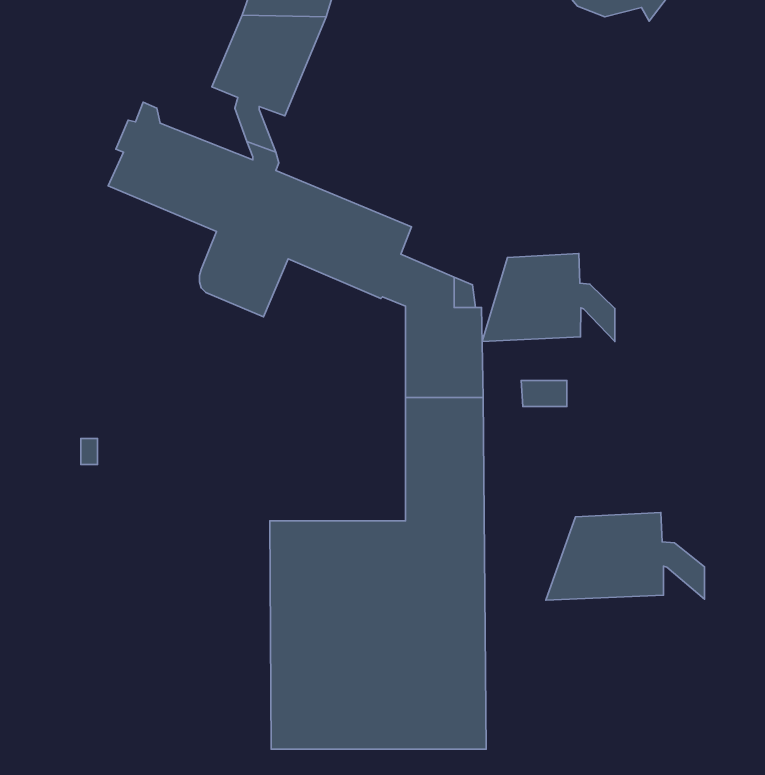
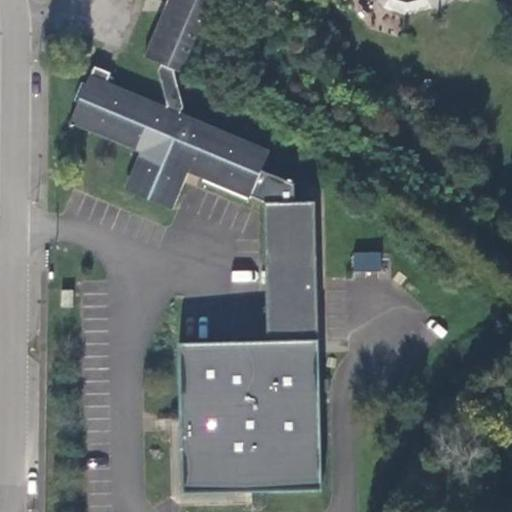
building: [482,253,615,341] -> none
building: [546,513,704,600] -> none

